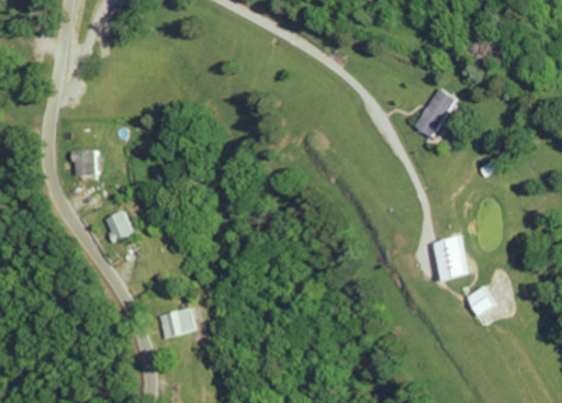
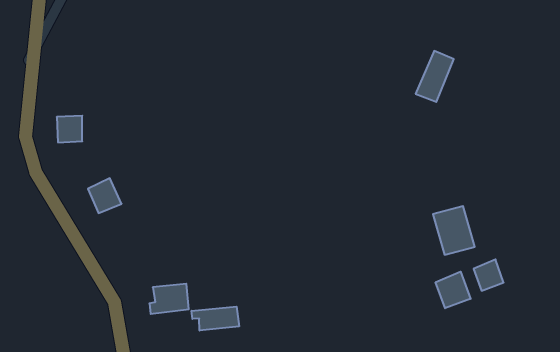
building: none -> [436,272,471,308]
building: none -> [192,307,239,331]

